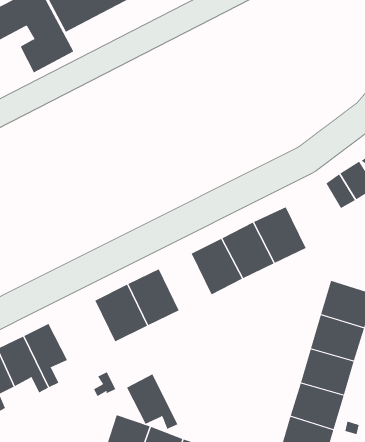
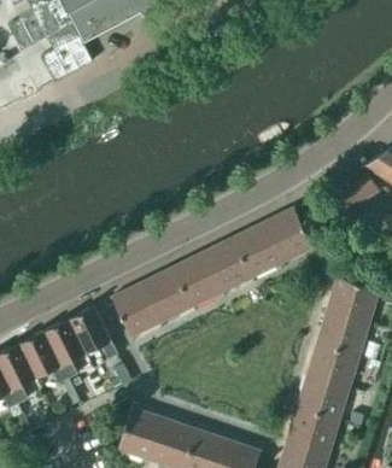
building: none -> [172,253,222,308]
building: [126,374,178,429] -> [68,306,117,359]

